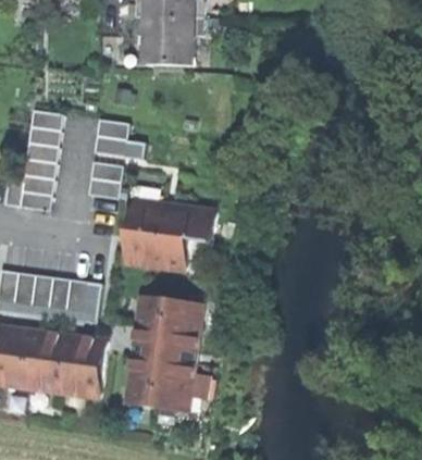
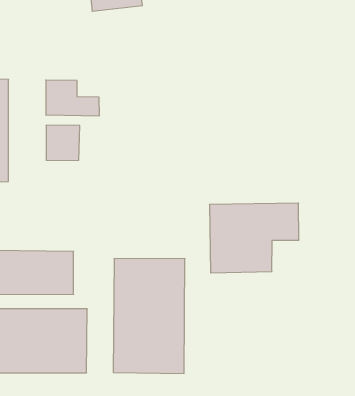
building: [122,201,213,272] -> [209,203,299,273]

